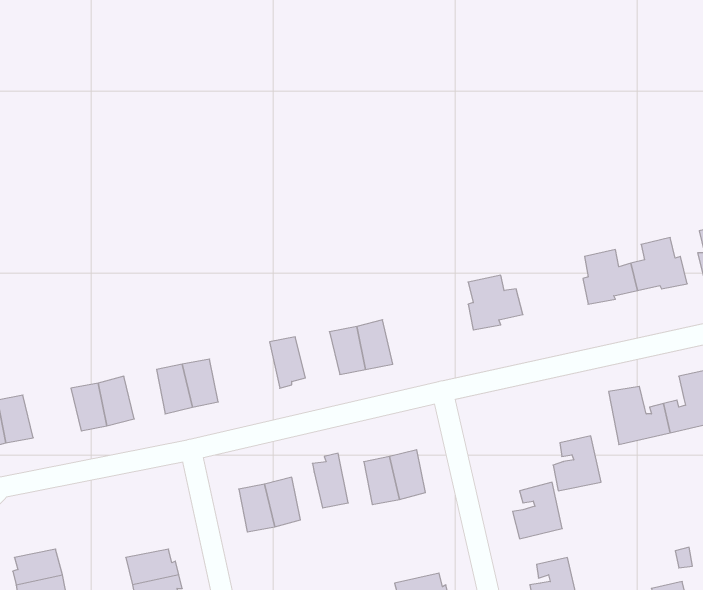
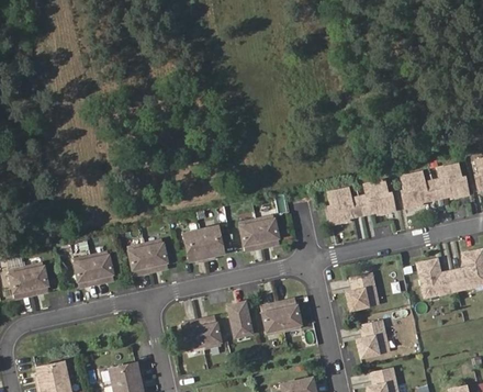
building: none -> [359,180,395,213]
building: none -> [183,231,207,262]
building: [553,436,601,491] -> [347,273,378,309]

